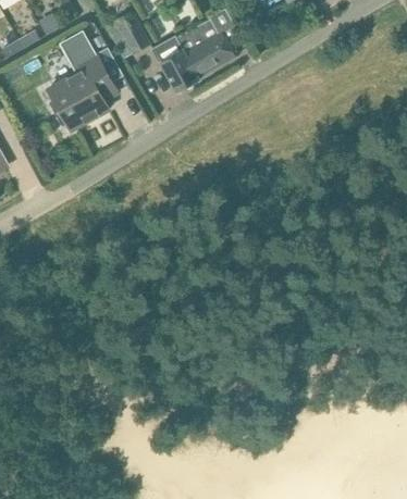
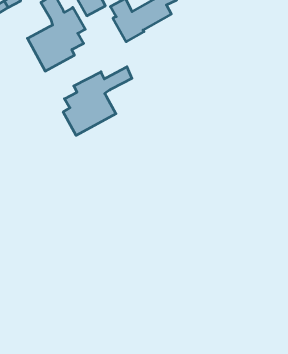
building: none -> [63,67,132,135]

